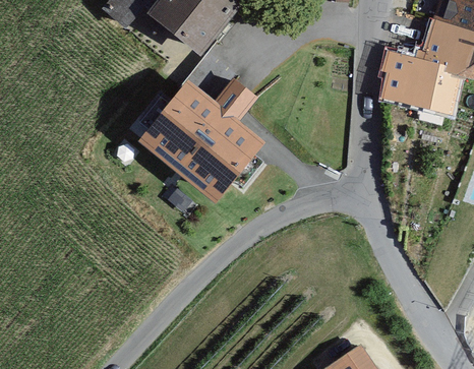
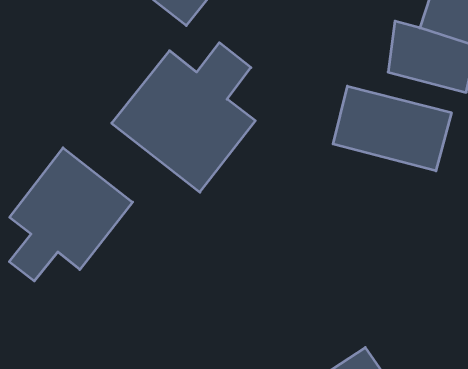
building: none -> [333,86,451,171]
building: none -> [9,148,133,281]

